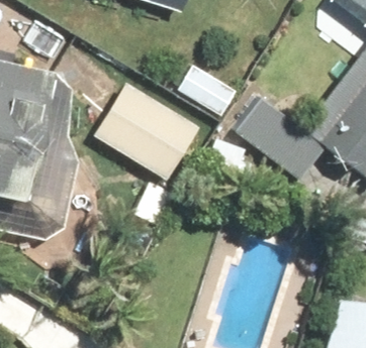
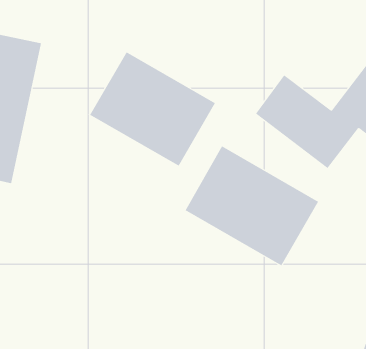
building: none -> [185,146,319,266]

